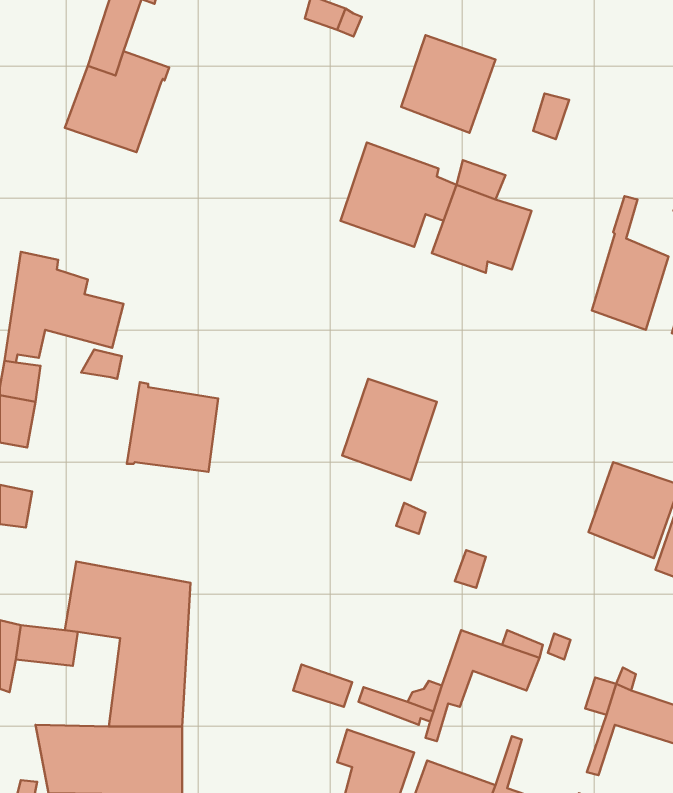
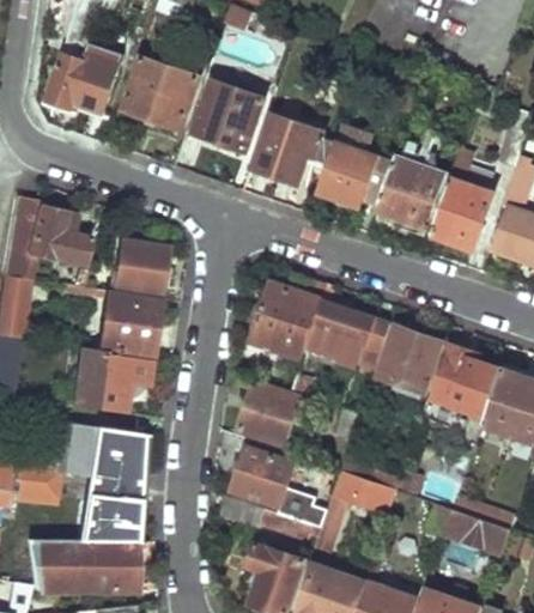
building: [401,35,496,133] -> [195,79,265,151]
building: none -> [126,59,199,128]
building: none -> [380,164,449,232]
building: none -> [111,238,169,293]
building: none -> [311,302,390,363]
building: none -> [378,327,442,394]
building: none -> [78,348,153,407]
building: none -> [239,383,301,448]
building: none -> [218,429,296,508]

